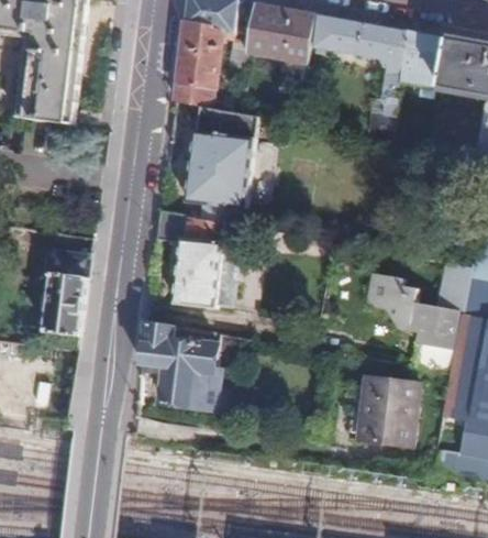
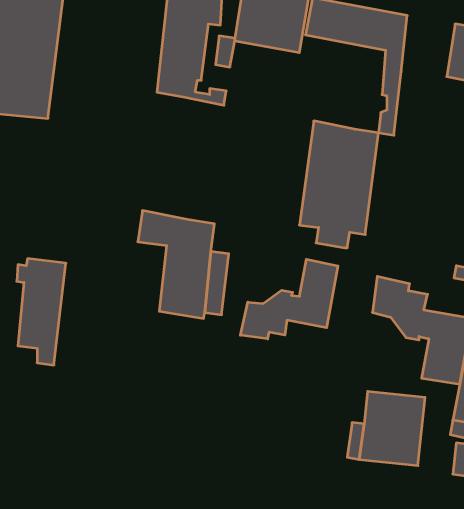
building: [399,31,448,90] -> none
building: [186,106,258,222] -> [299,121,378,248]
building: none -> [240,259,338,339]
building: [142,322,221,413] -> none

